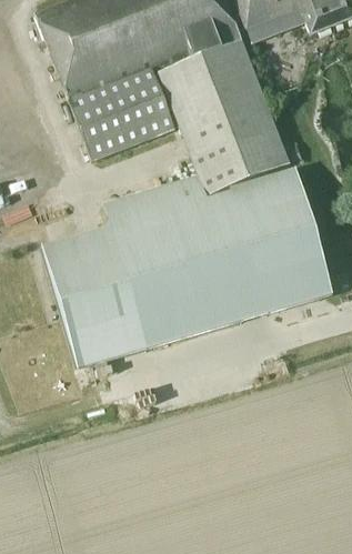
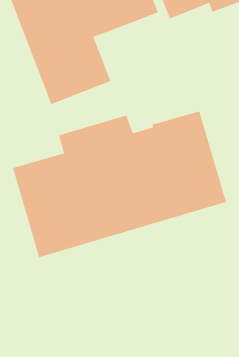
building: [158,38,291,195] -> none

